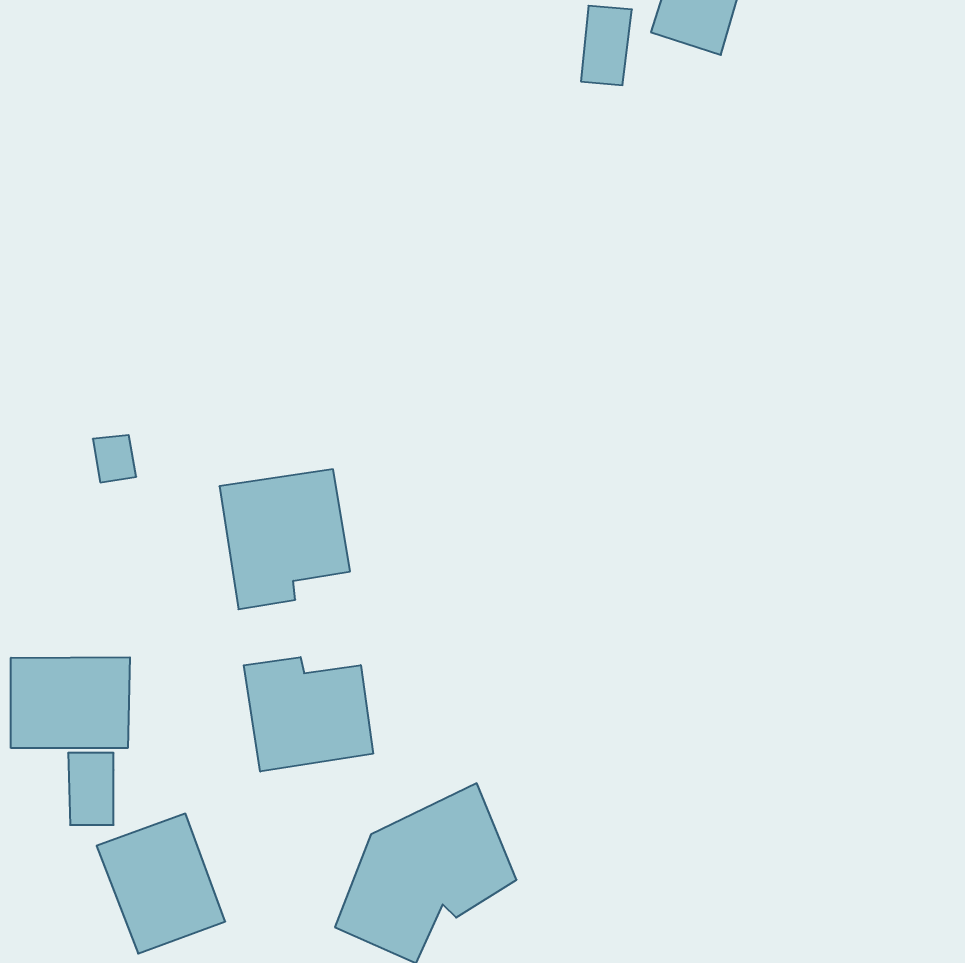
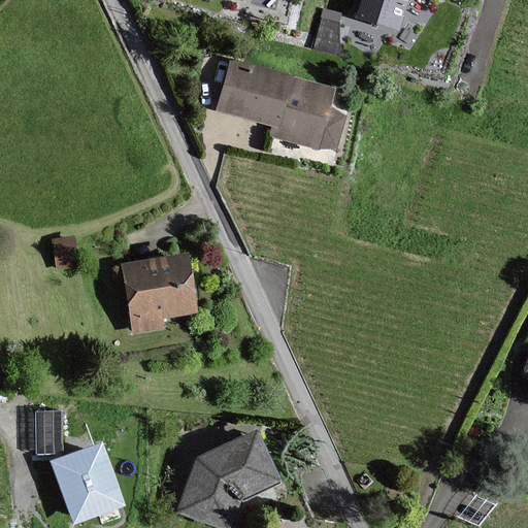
building: none -> [217,60,341,147]
building: [244,657,373,772] -> none
building: [11,657,130,748] -> none

